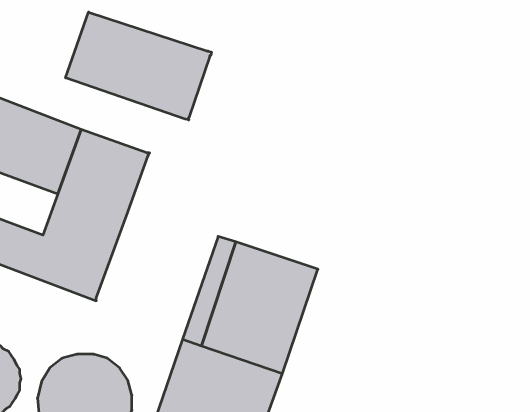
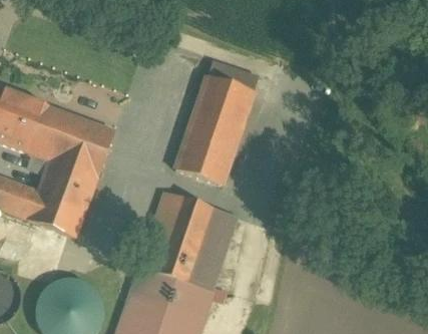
building: [66,12,211,120] -> none
building: none -> [176,60,260,185]

